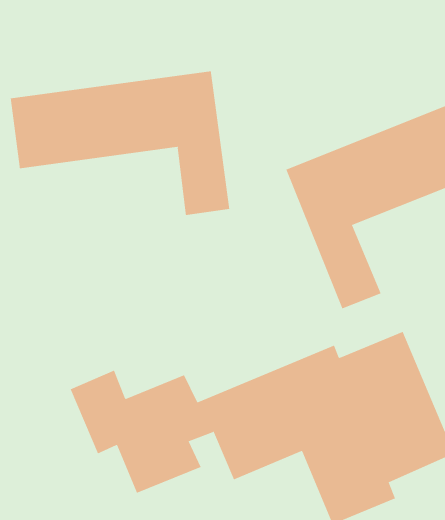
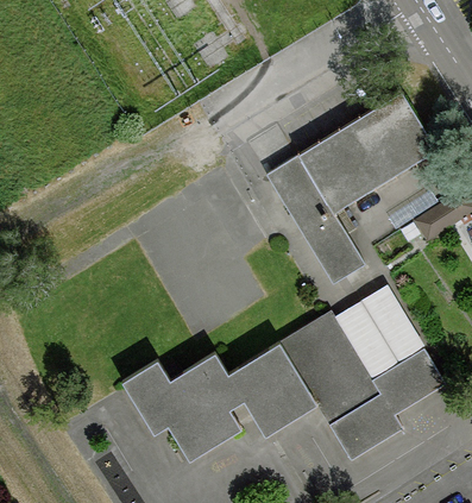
building: [10,70,230,216] -> none

